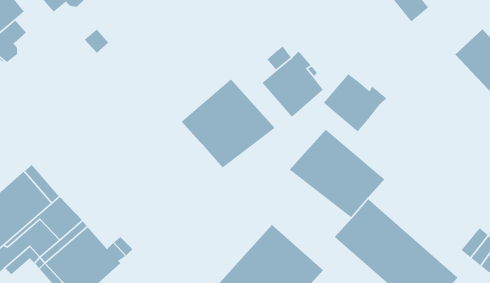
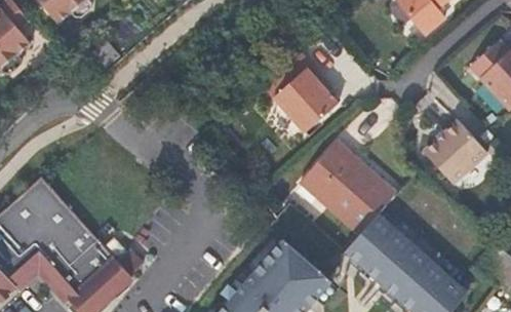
building: [323,73,387,132] -> none
building: [181,79,276,169] -> none
building: none -> [424,120,486,184]

